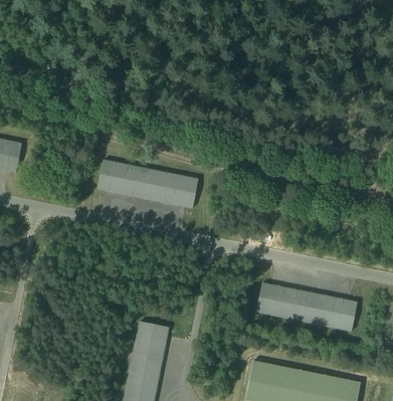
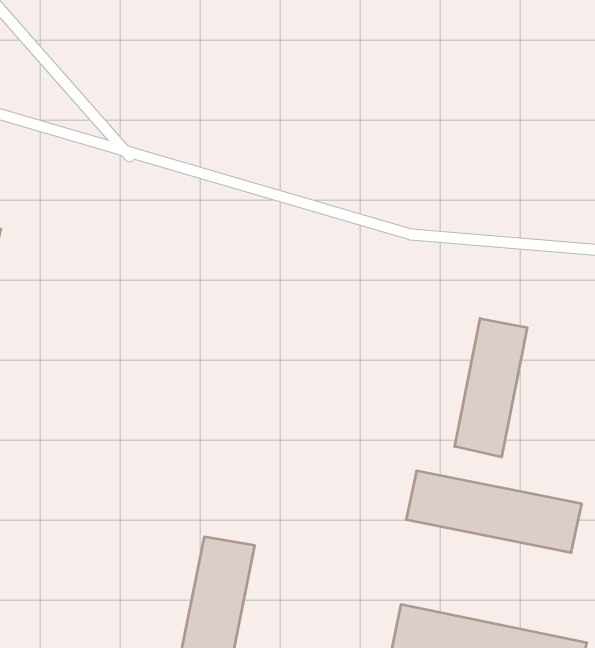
building: [97,160,198,208] -> none
building: none -> [455,318,527,457]

